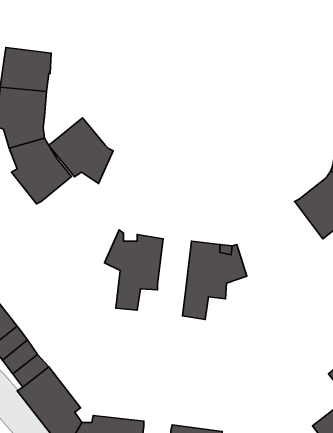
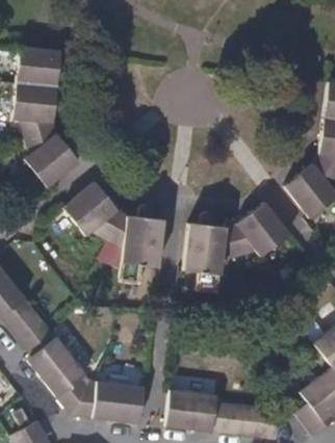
building: [49,118,113,184] -> [62,182,122,242]
building: none -> [230,202,289,257]

